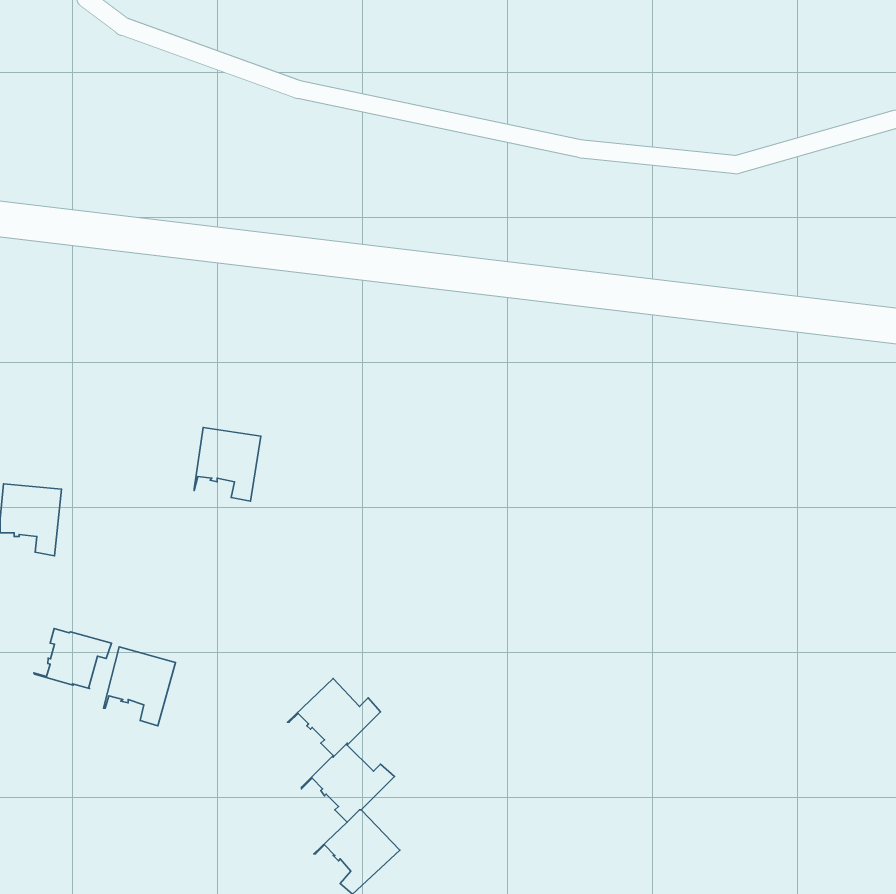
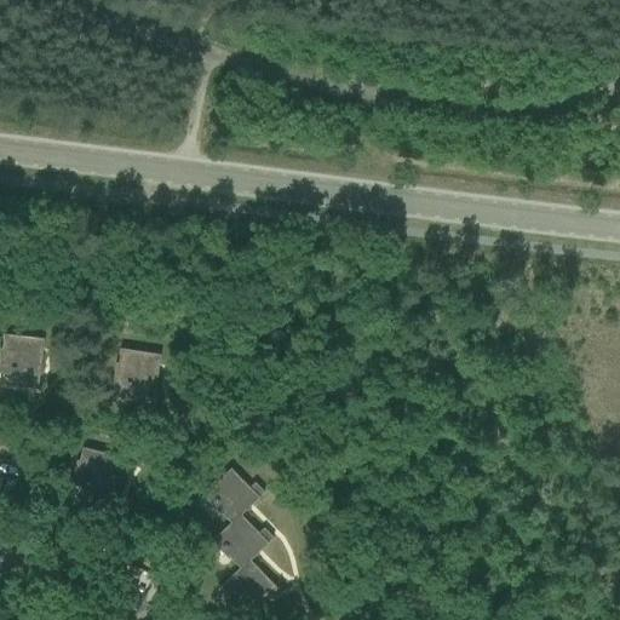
building: [194,427,261,501] -> [114,349,160,400]
building: [34,629,111,688] -> none

